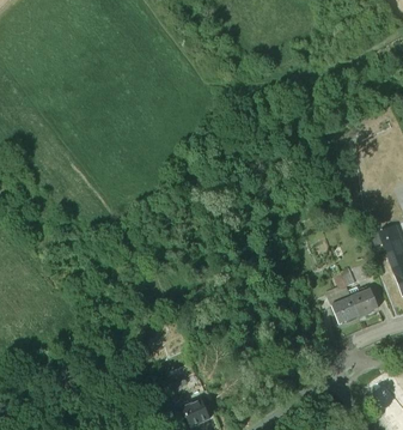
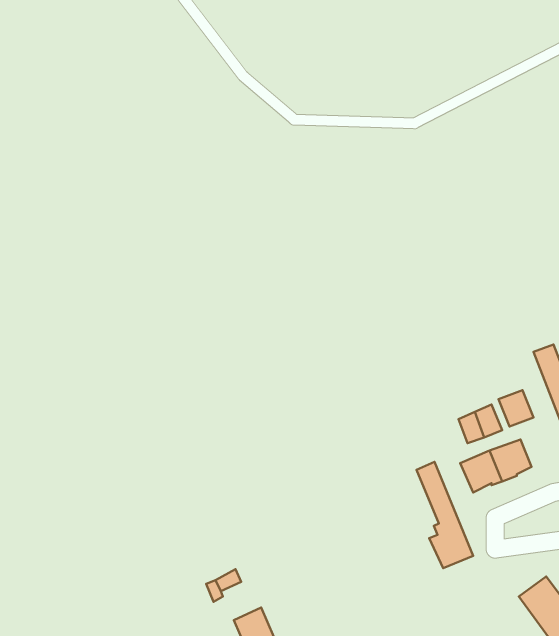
building: none -> [416,462,473,568]

